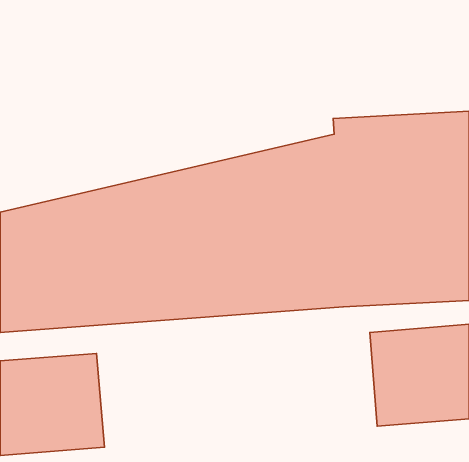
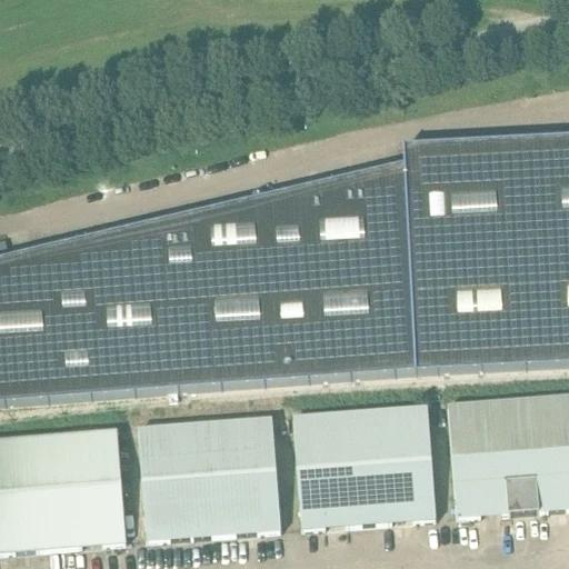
building: none -> [293,403,437,528]
building: none -> [138,416,281,539]

